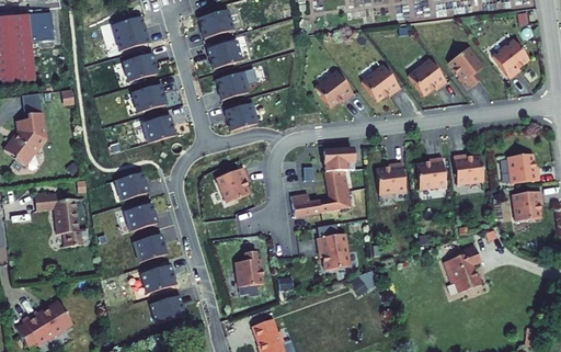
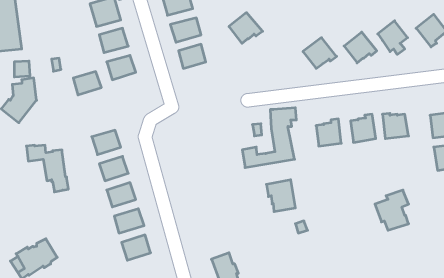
building: [313,71,353,107] -> [229,13,263,43]
building: [222,103,255,130] -> none
building: [140,116,173,144] -> [73,72,101,95]
building: [216,163,249,200] -> none
building: [236,249,263,284] -> none

